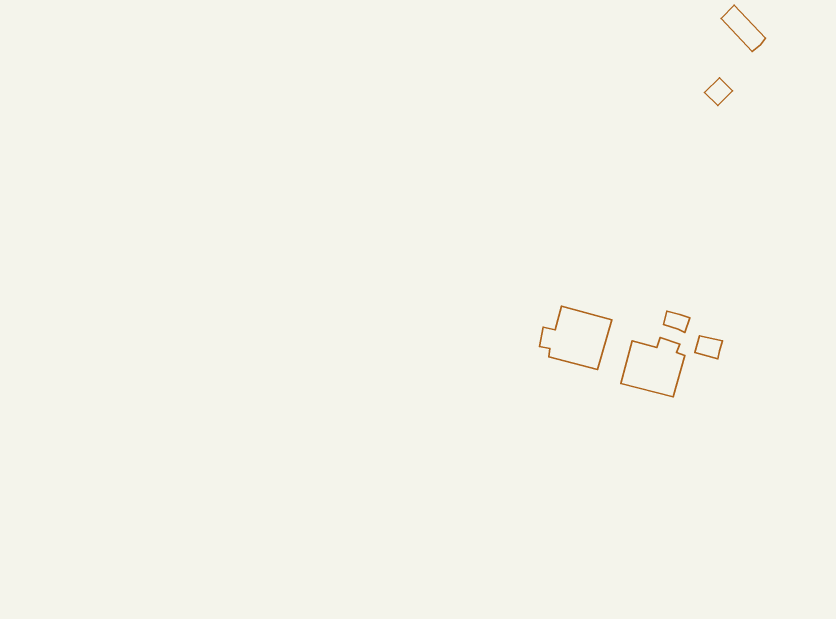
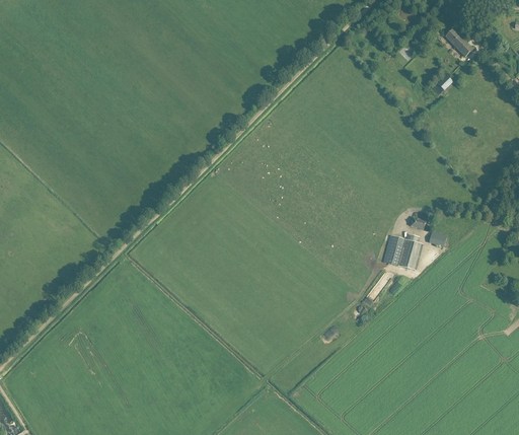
building: [539,306,612,369] -> none

